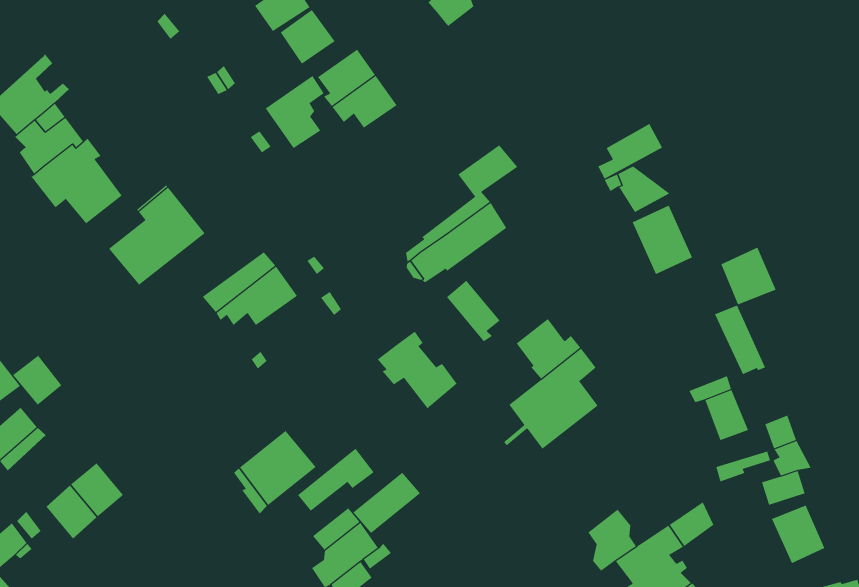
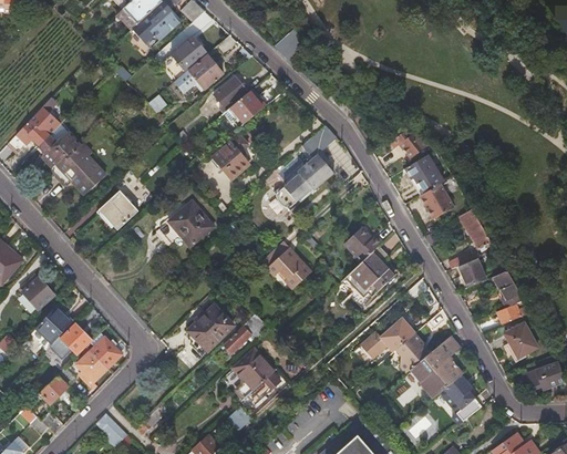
building: [265,75,324,149] -> [212,135,246,179]
building: [598,123,663,180] -> none
building: [721,247,777,305] -> [422,183,456,218]
building: [446,280,500,342] -> none
building: [12,355,62,406] -> [60,323,90,353]
building: [352,472,421,534] -> none
building: none -> [359,319,412,360]

